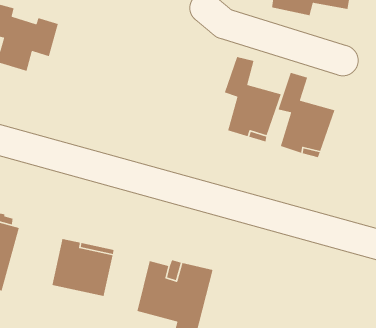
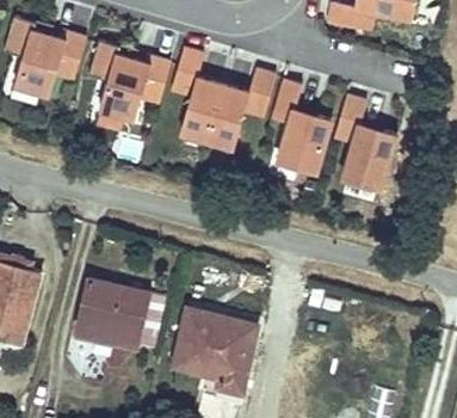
building: none -> [87,39,169,117]
building: none -> [169,50,273,148]

